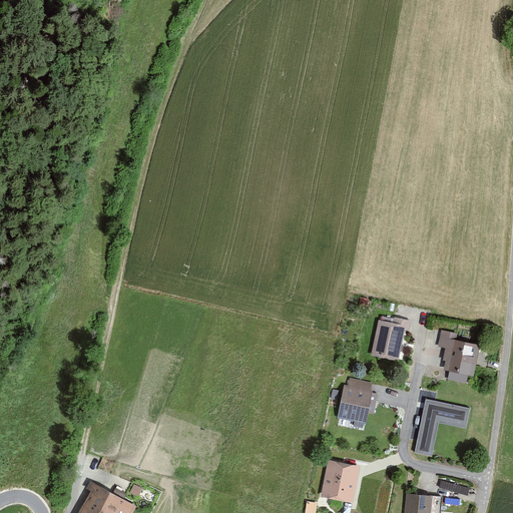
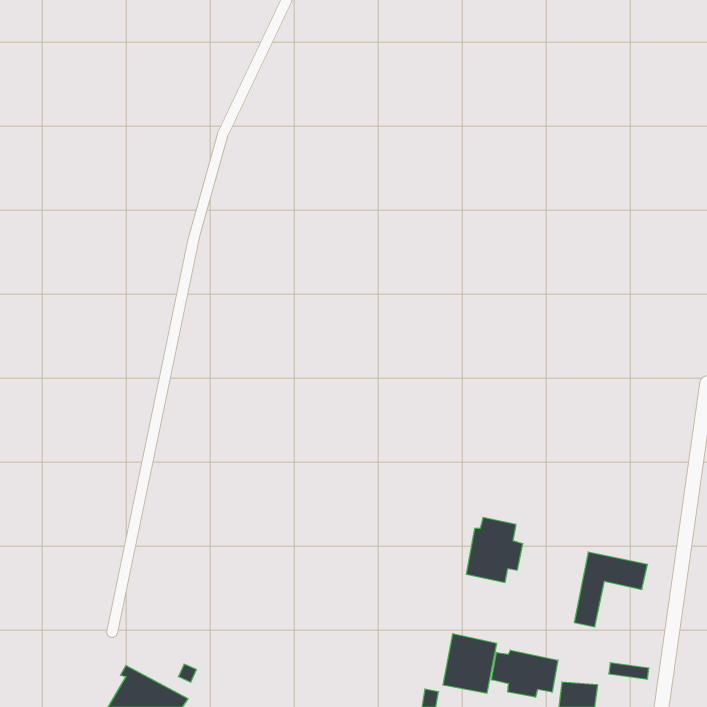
building: [372,320,406,360] -> none
building: [438,330,481,383] -> none
building: none -> [491,650,558,697]

